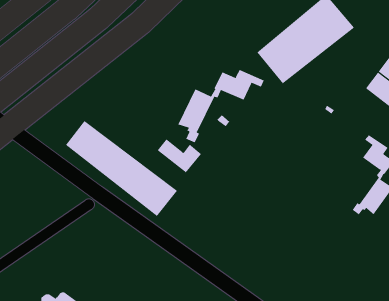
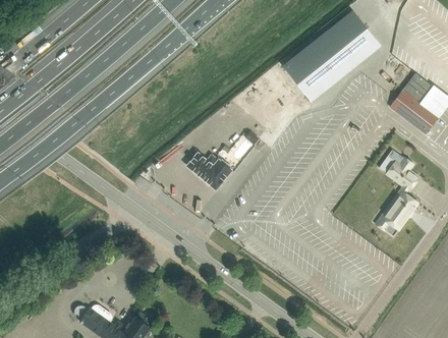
building: [178,69,264,143] -> none
building: [65,120,178,217] -> none

